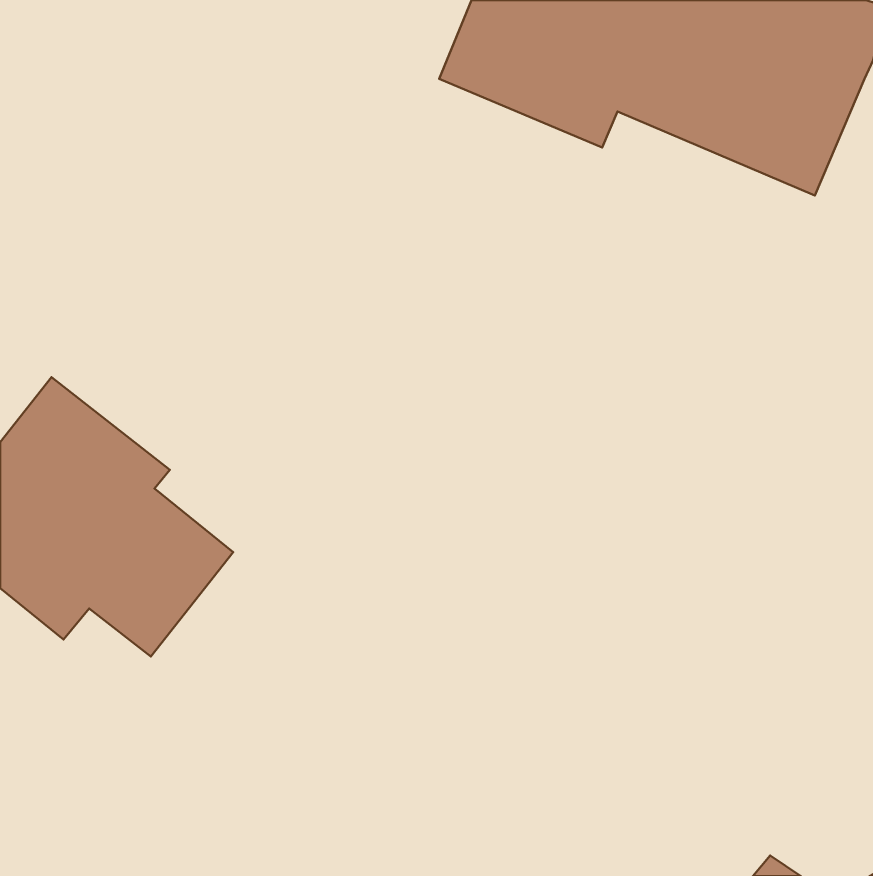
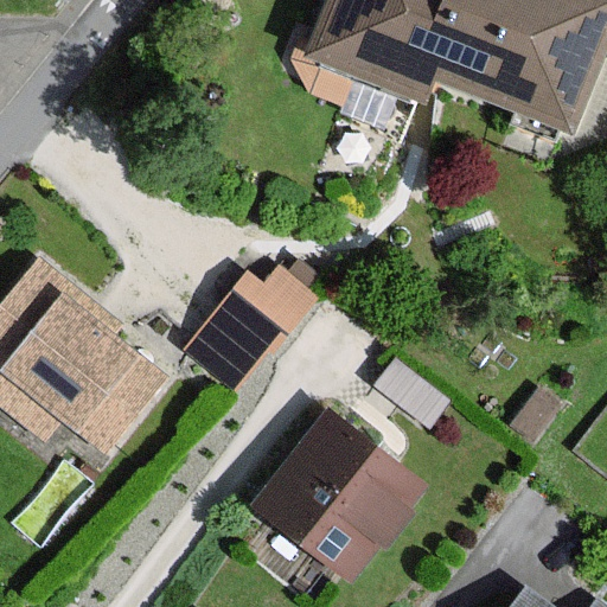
building: none -> [185,269,317,391]
building: none -> [254,416,420,581]

